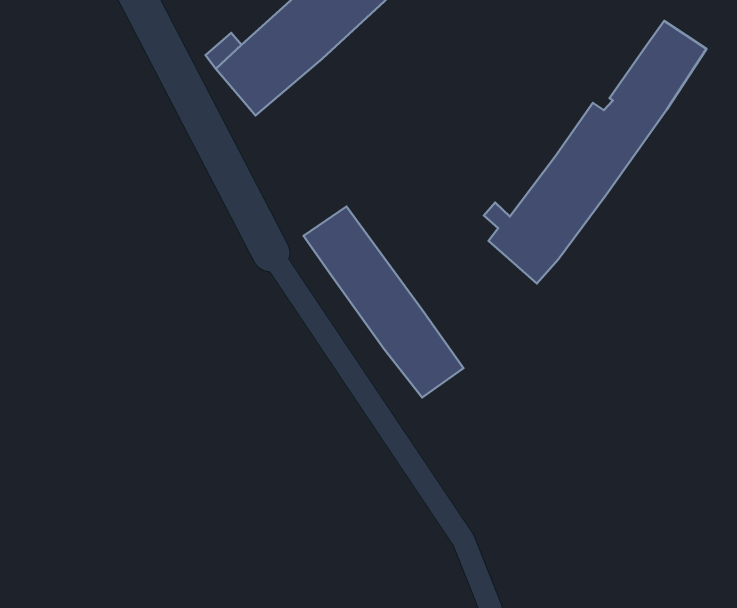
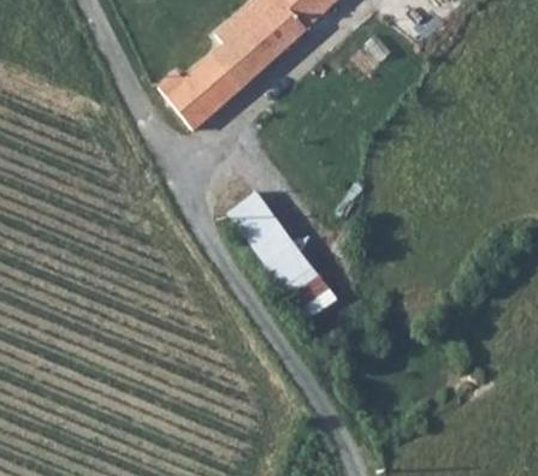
building: [484,21,707,284] -> none

